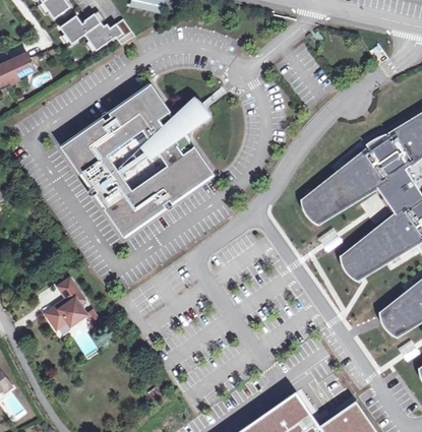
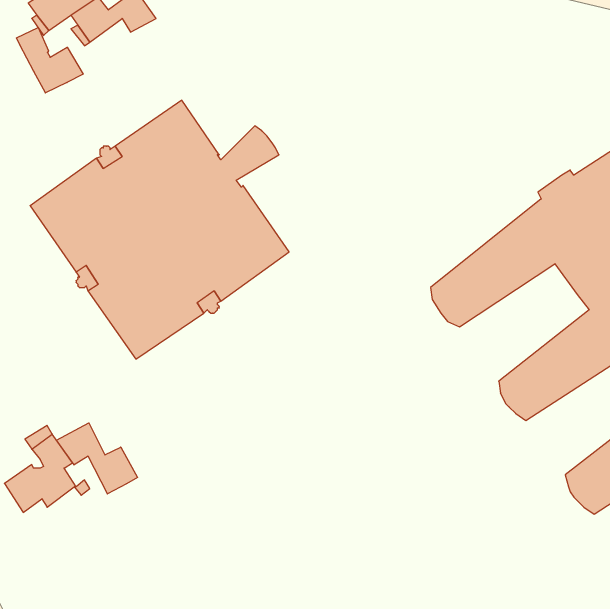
building: none -> [17,28,83,93]
building: none -> [56,423,138,494]

